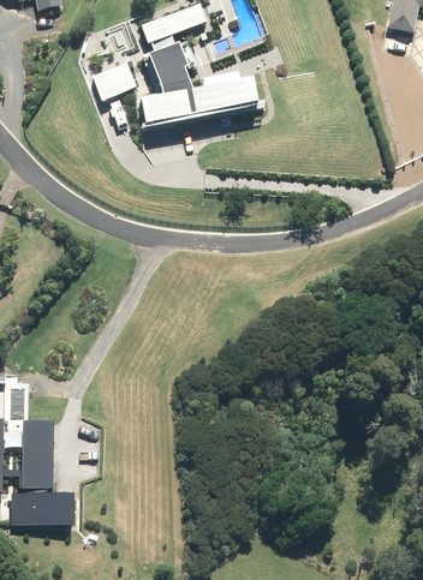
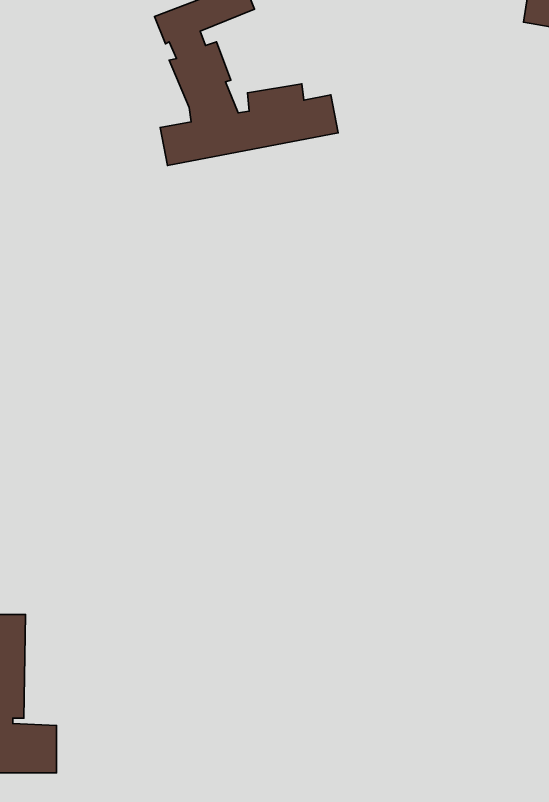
building: [91,62,137,101] -> none

